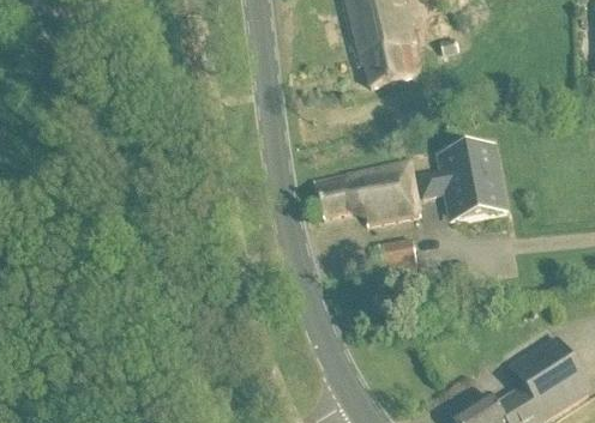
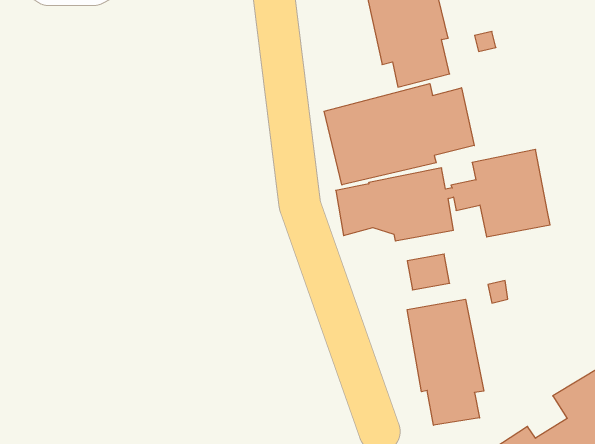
building: none -> [324,84,474,185]
building: none -> [407,299,484,425]

